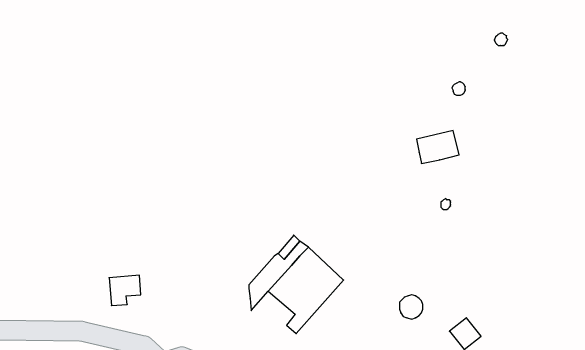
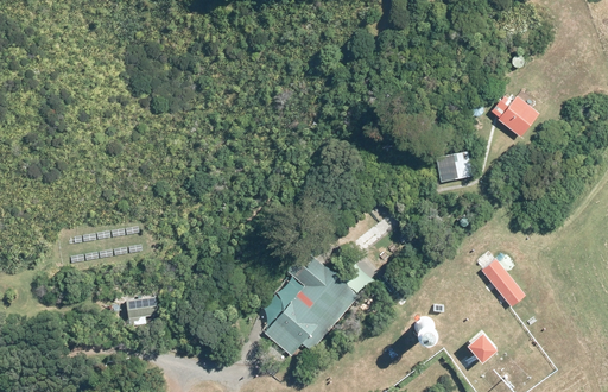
building: none -> [496,97,536,137]
building: none -> [480,259,522,308]
building: none -> [270,306,315,352]

